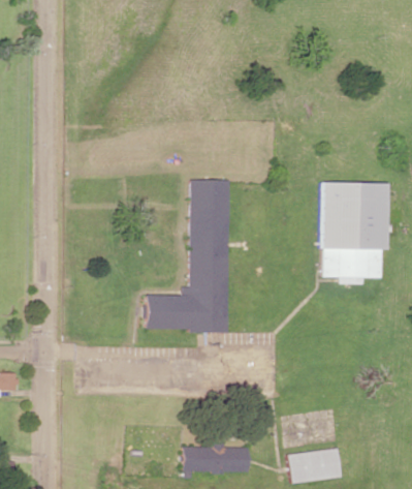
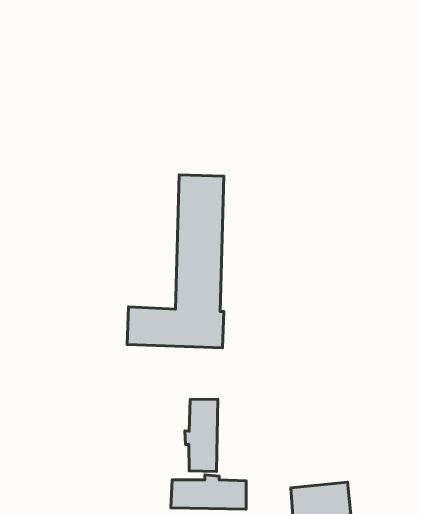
building: [319,182,384,279] -> none
building: none -> [185,399,218,472]

